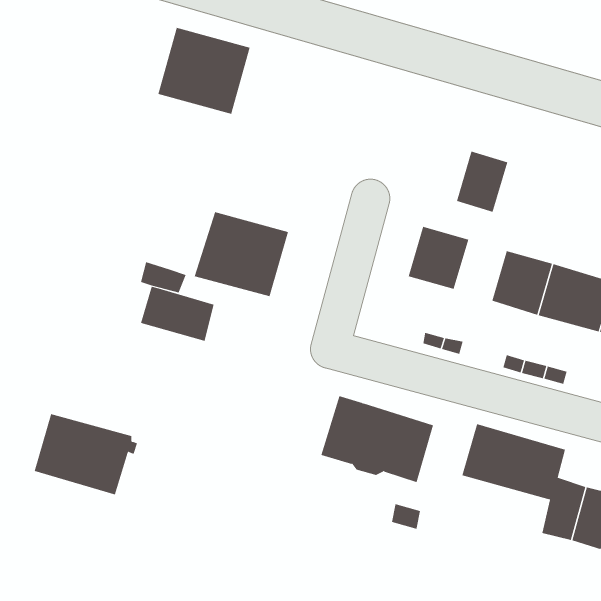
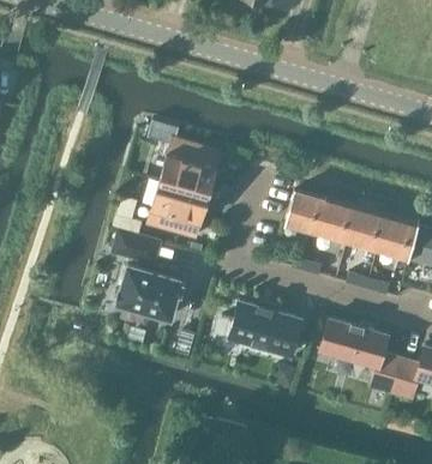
building: [157,27,250,114] -> [160,139,220,195]
building: [456,151,508,212] -> [314,200,348,240]
building: [34,413,138,495] -> [116,267,184,320]

